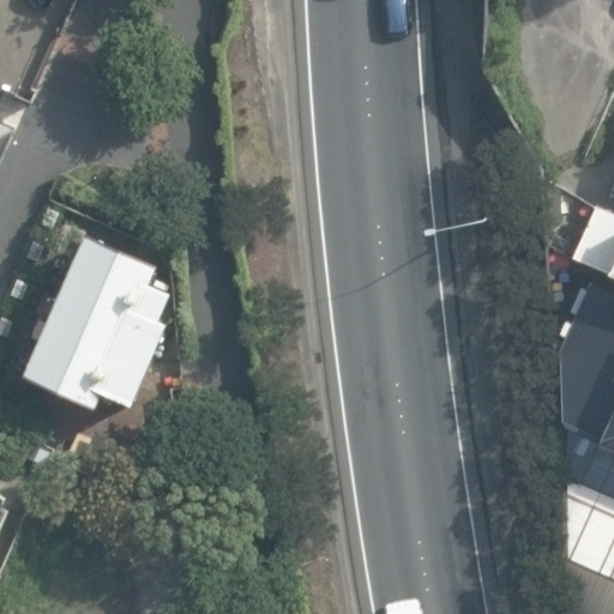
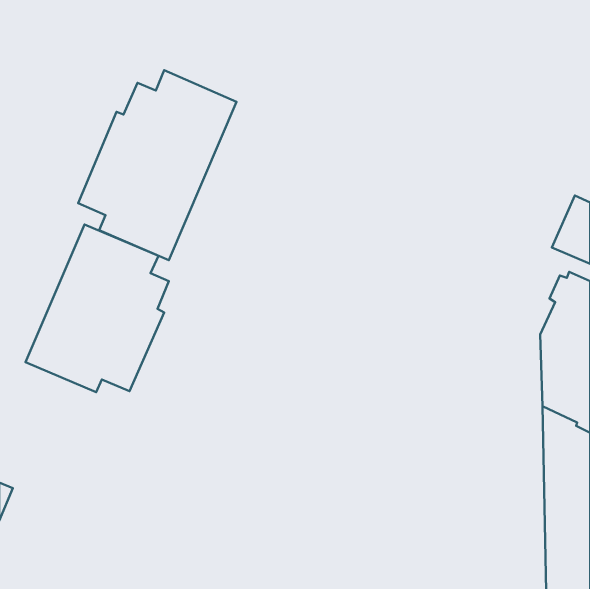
building: none -> [78,70,237,260]

